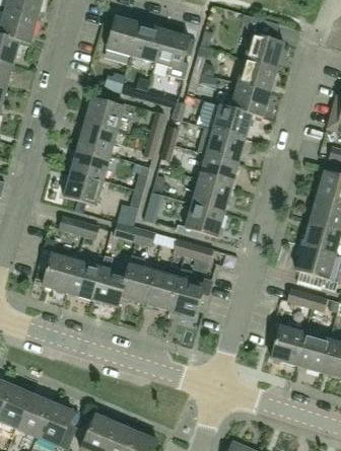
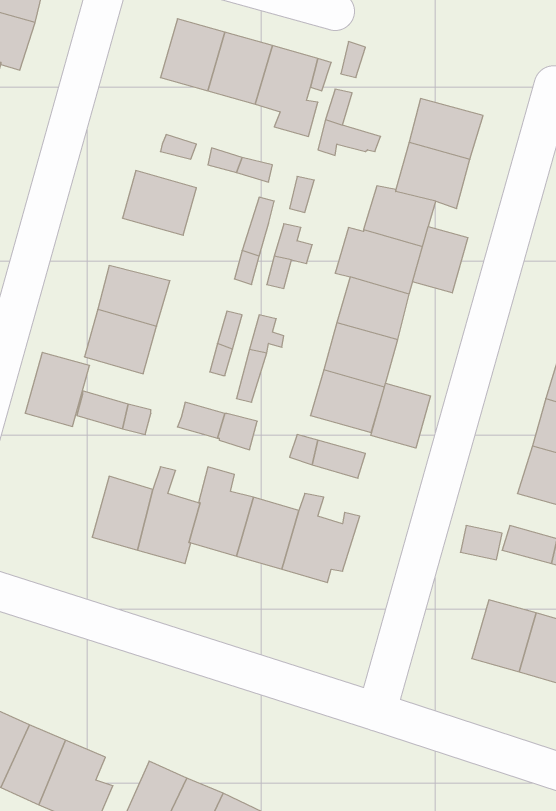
building: [243,32,283,68] -> none
building: [76,123,116,156] -> none
building: none -> [413,226,468,293]
building: none -> [371,383,430,448]
building: [42,253,76,293] -> [25,352,90,426]

